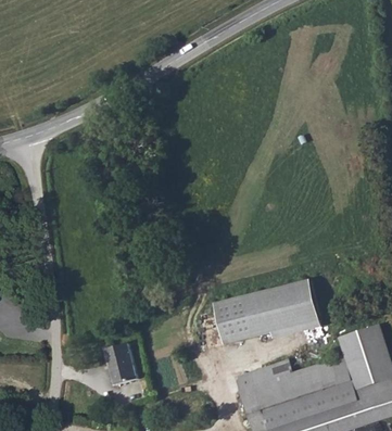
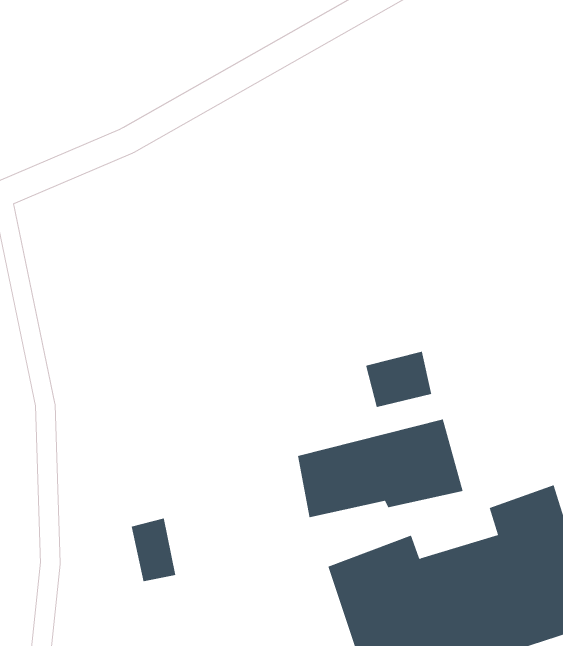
building: none -> [365,351,432,408]

